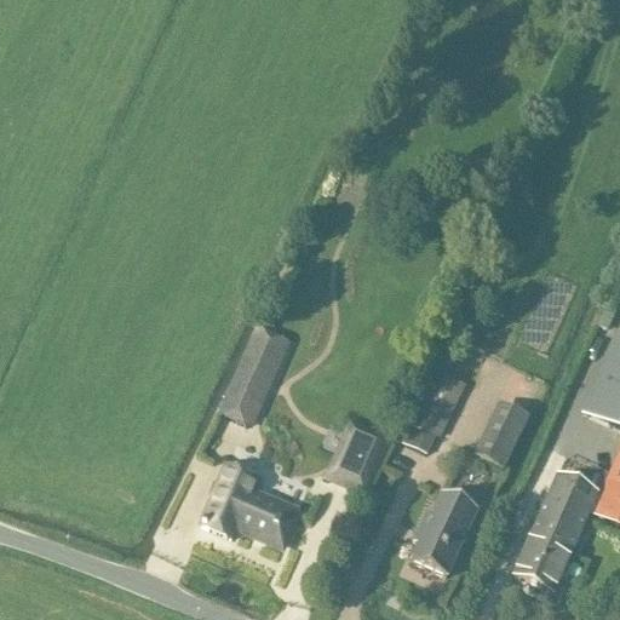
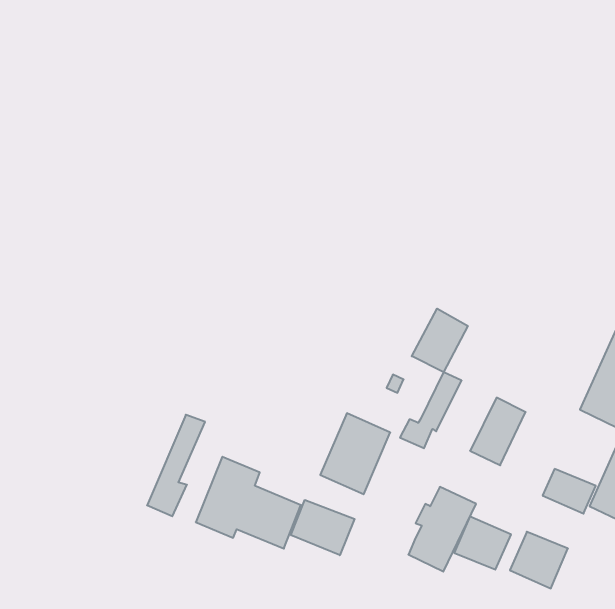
building: none -> [412,309,468,372]
building: [223,320,281,421] -> [147,415,205,516]
building: [530,496,587,550] -> [454,516,511,570]
building: none -> [291,500,355,555]

